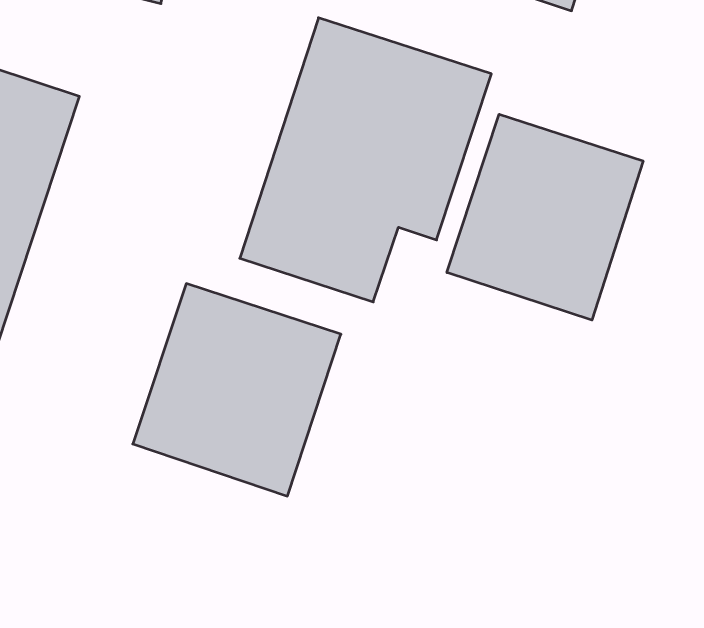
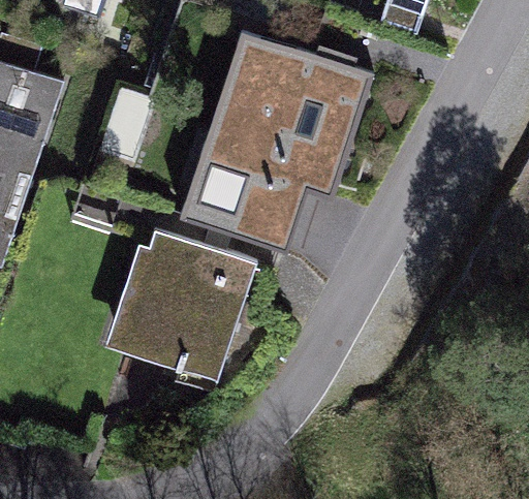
building: [447,114,643,320] -> none

